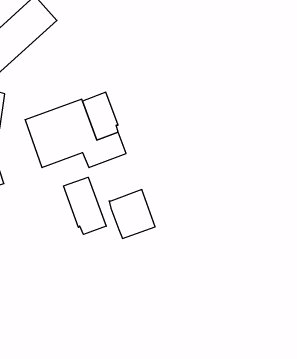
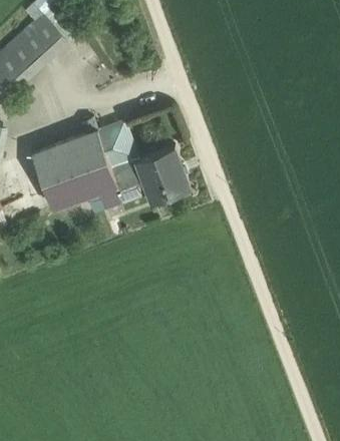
building: [64,177,106,234] -> none
building: [109,190,155,238] -> [132,147,185,202]

